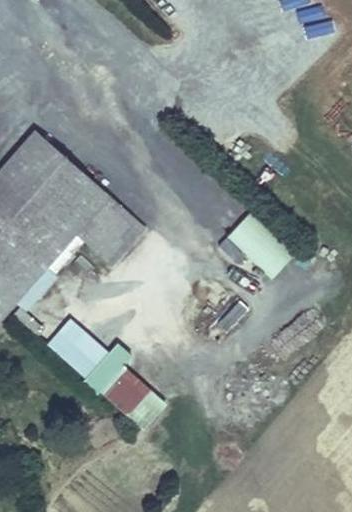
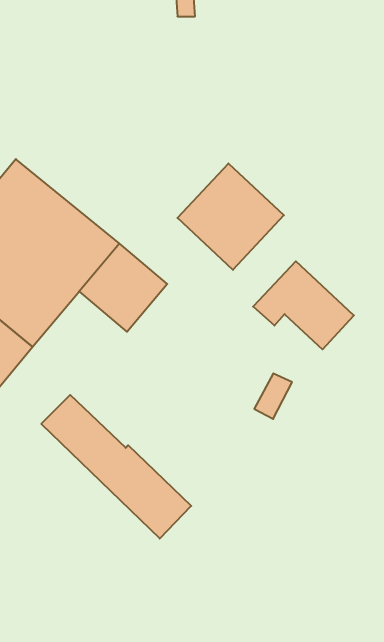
building: none -> [177,163,284,270]

